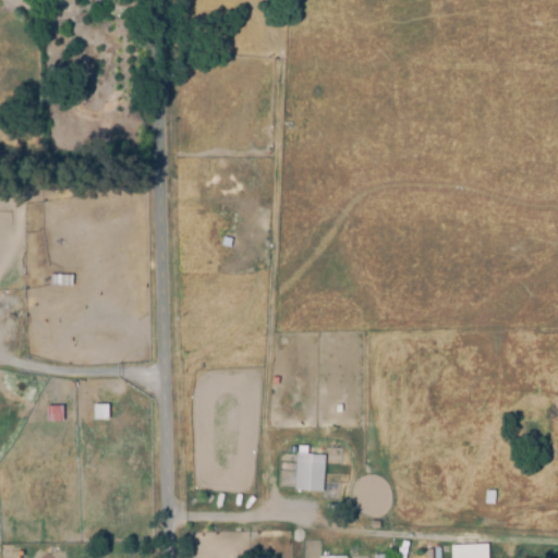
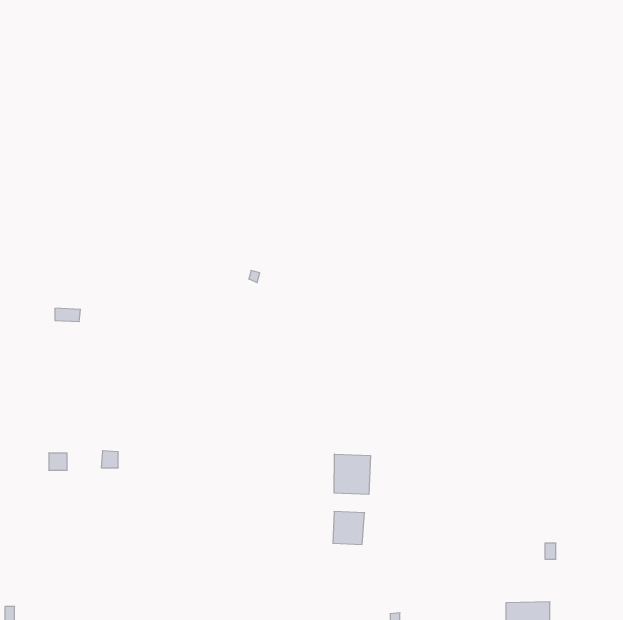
building: none -> [334,454,370,494]

